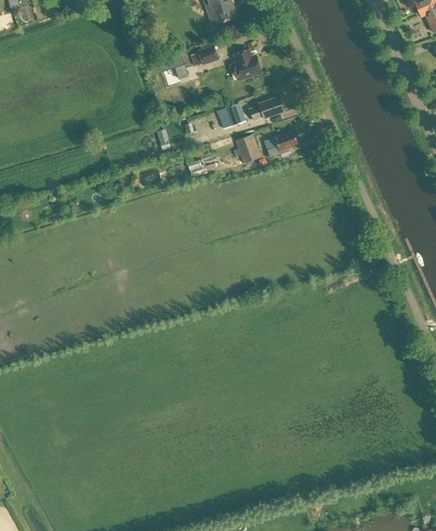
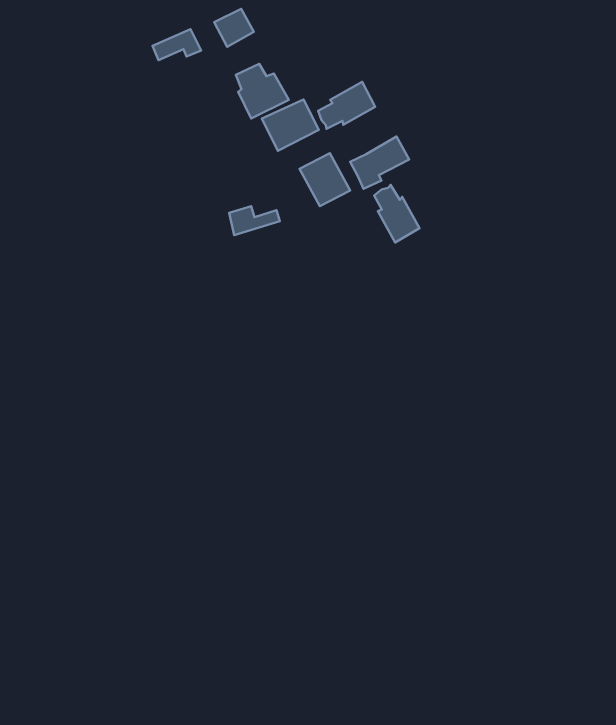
building: [234,49,262,79] -> [236,64,289,119]
building: none -> [374,185,419,242]

